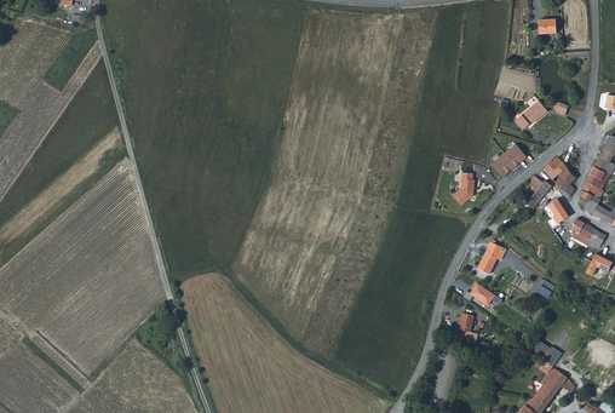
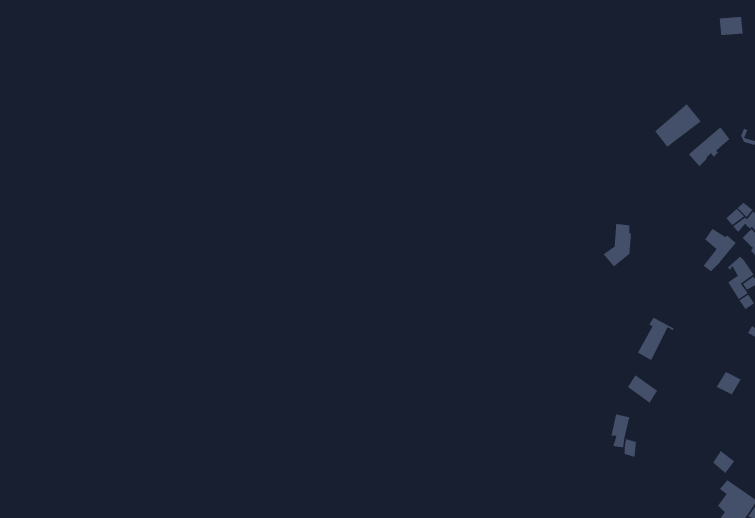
building: [492,144,527,177] -> [654,103,702,148]

